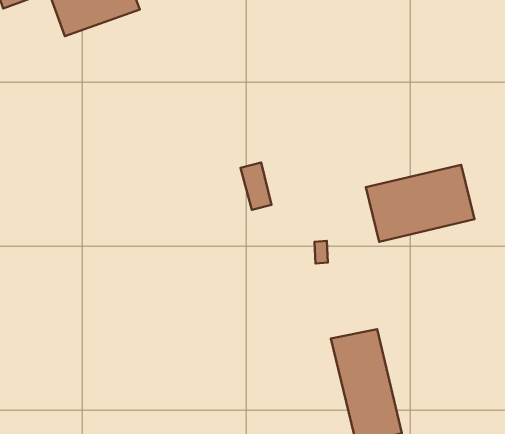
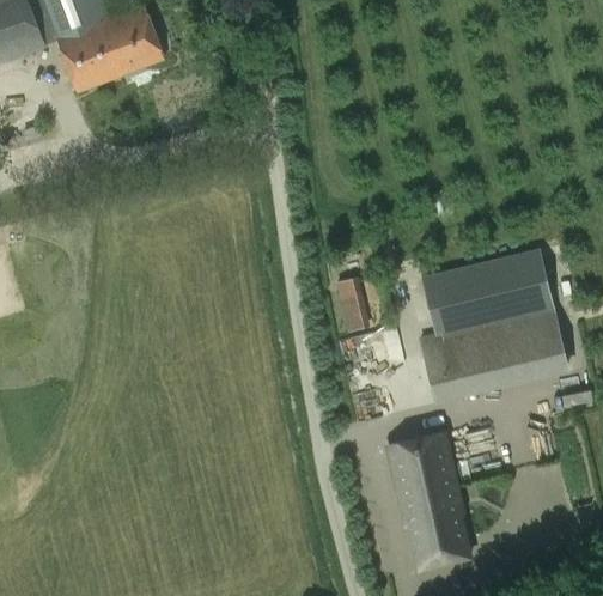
building: [241,163,271,210] -> [335,276,371,332]
building: none -> [421,304,569,401]

